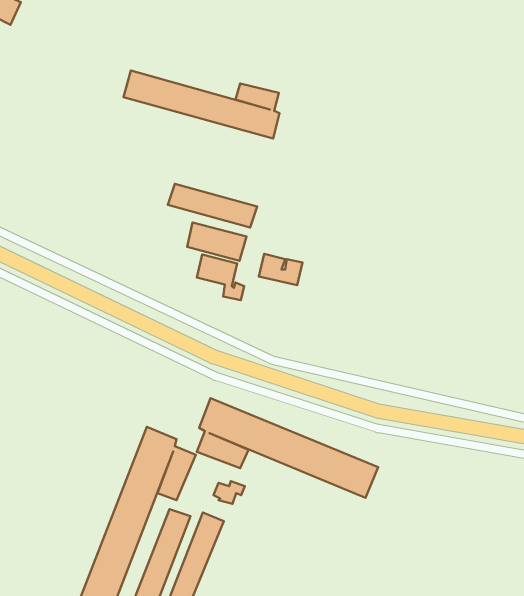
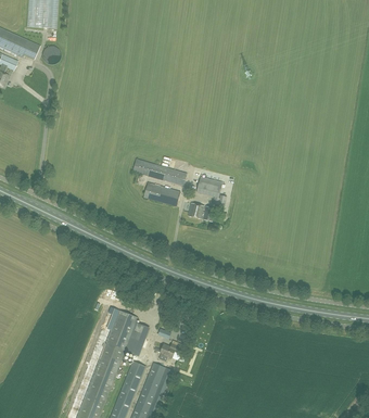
building: [124,70,280,138] -> none
building: [197,255,244,300] -> [195,177,225,205]
building: [197,398,378,498] -> none

